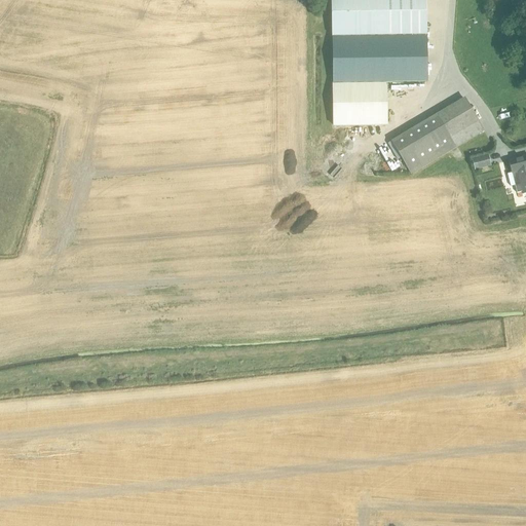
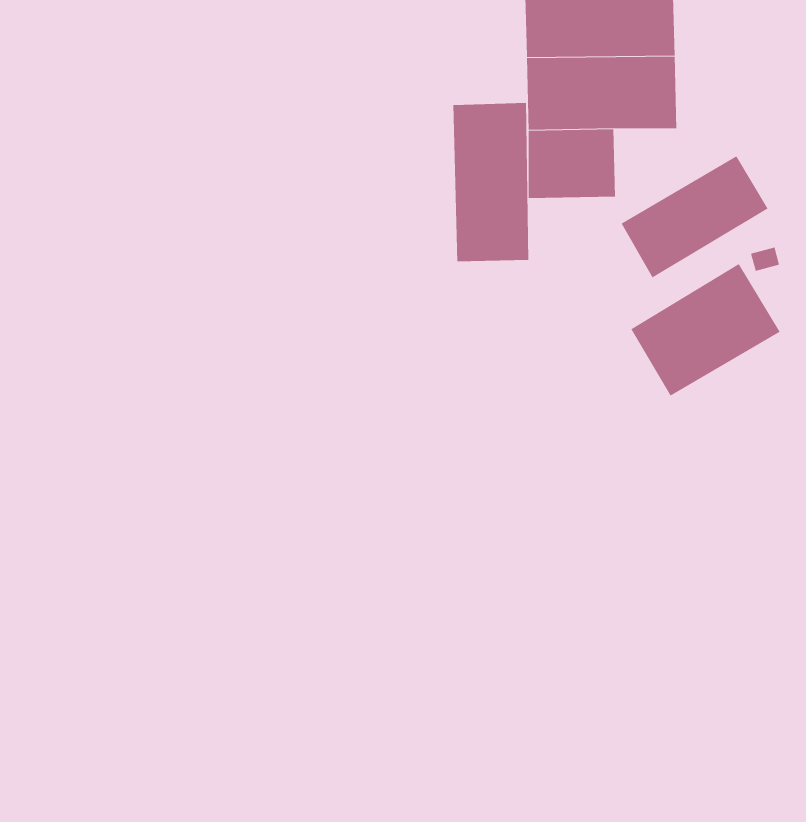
building: none -> [453,102,529,262]
building: none -> [630,263,781,397]

